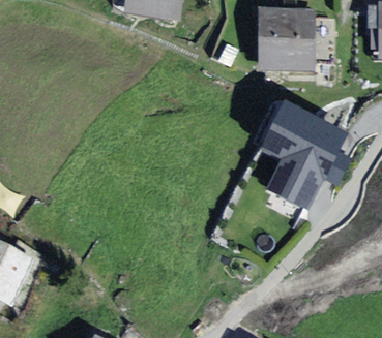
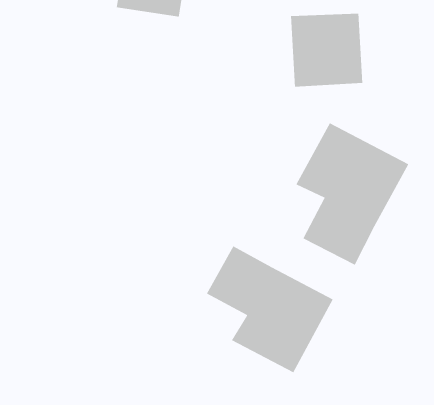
building: none -> [206,246,334,373]

